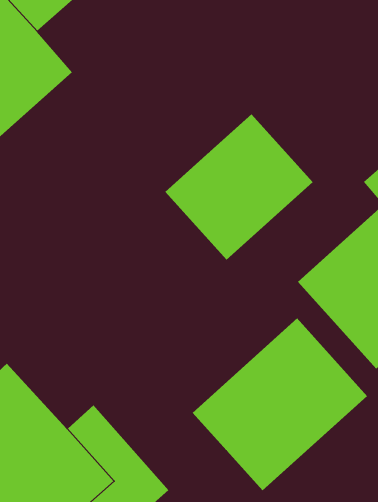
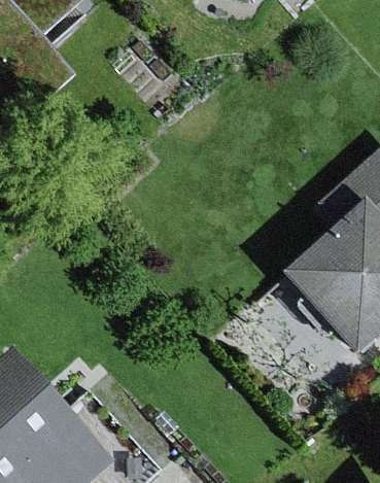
building: [165,113,314,261] -> none
building: [192,318,368,491] -> none

